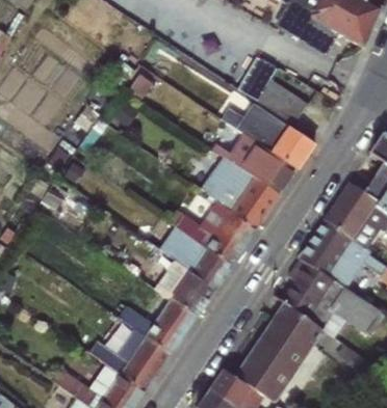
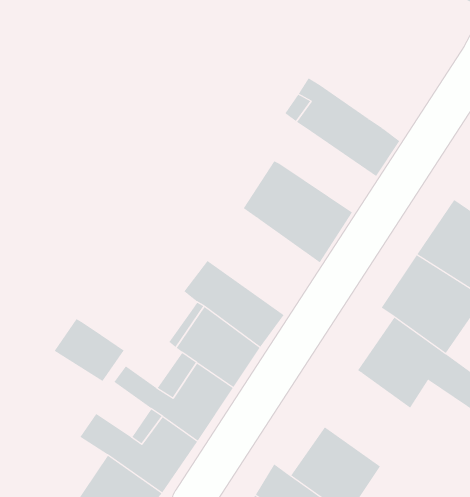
building: [256,77,307,125] -> none
building: [228,131,295,190] -> none
building: [176,194,256,262] -> none
building: none -> [54,318,125,382]
building: [259,302,325,368] -> none

